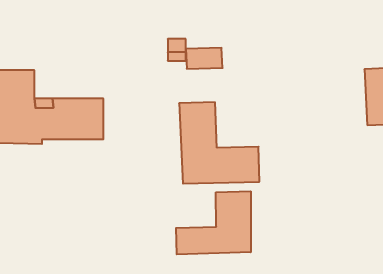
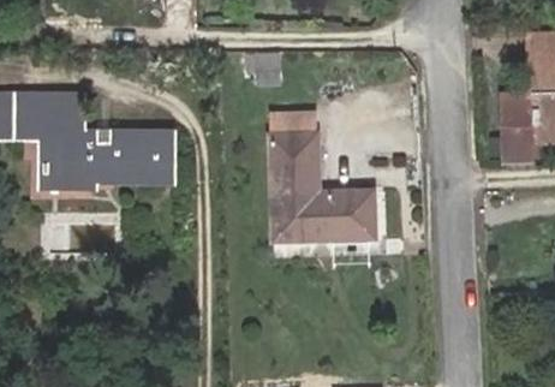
building: [186,48,223,69] -> [269,111,316,137]
building: [176,191,251,254] -> none

